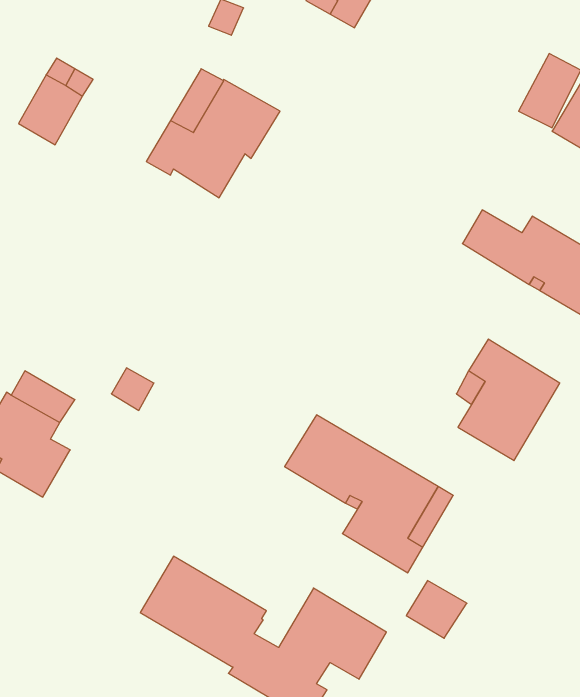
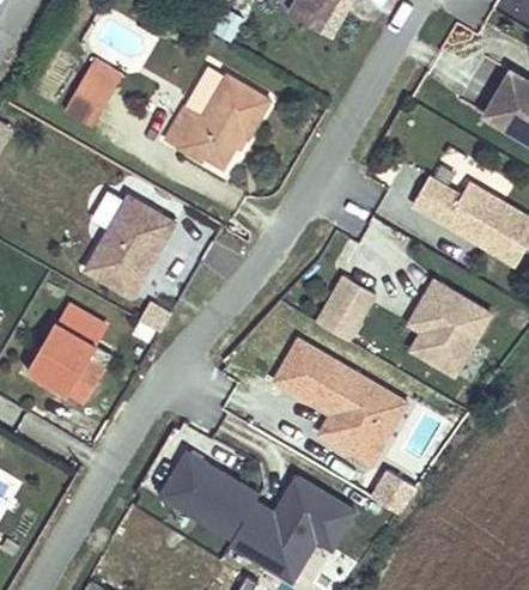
building: none -> [85,195,174,296]
building: none -> [316,275,375,340]

